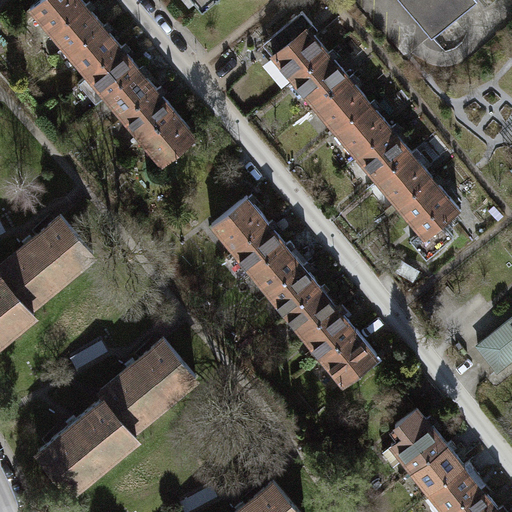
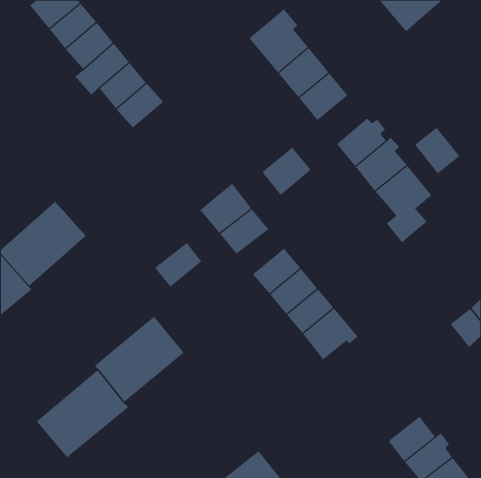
building: [337,105,390,157] -> [262,147,311,196]
building: [141,112,196,166] -> none
building: none -> [414,127,460,174]
building: [251,247,302,295] -> [154,242,202,288]
building: [391,408,446,472] -> none

